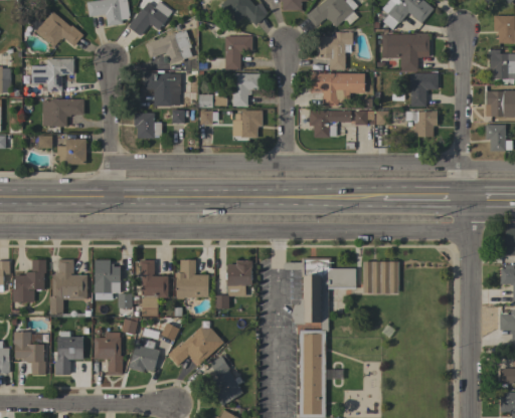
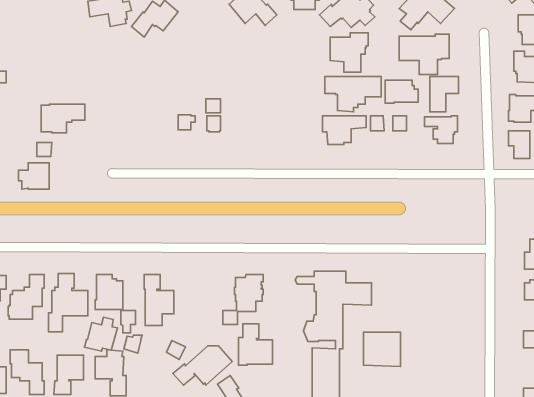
building: [35,11,82,47] -> none
building: [145,30,192,63] -> none
building: [225,36,251,69] -> none
building: [31,59,73,91] -> none
building: [144,73,180,107] -> none
building: [232,73,260,106] -> none
building: none -> [385,80,418,103]
building: [233,111,262,138] -> none
building: [134,113,161,139] -> none
building: [56,139,85,164] -> [19,163,49,189]
building: [176,259,208,298] -> [239,324,273,365]
building: [363,261,398,293] -> [363,332,401,366]
building: [128,340,159,372] -> [84,317,117,351]

